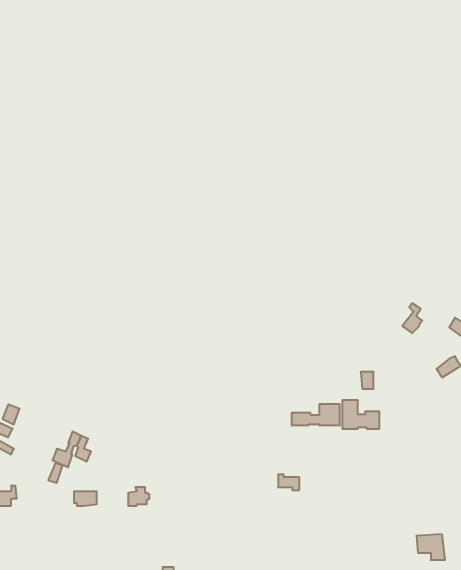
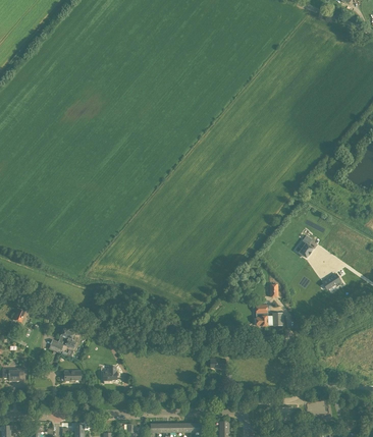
building: [292,404,340,426] -> none

